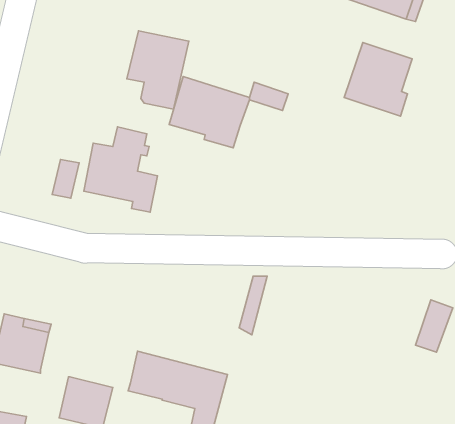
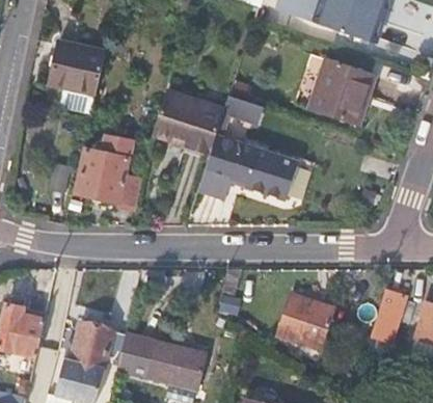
building: [127,31,189,109] -> [49,44,104,113]
building: none -> [198,133,301,199]
building: none -> [277,299,332,349]
building: none -> [64,320,126,366]

